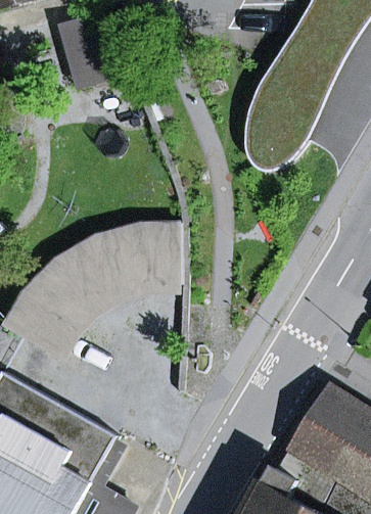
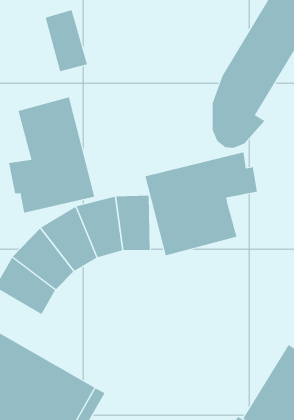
building: none -> [8,97,95,214]
building: none -> [145,152,258,256]

